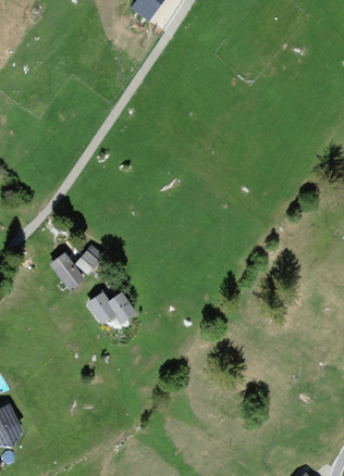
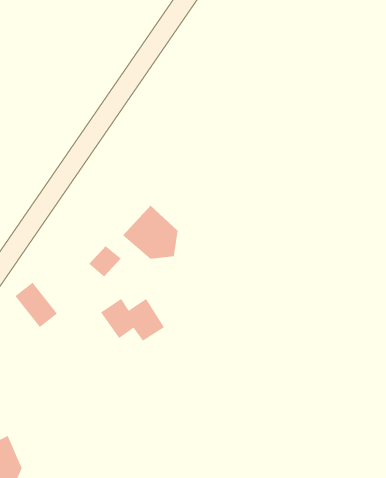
building: none -> [122,205,178,260]
building: [49,252,85,290] -> [14,282,58,328]

